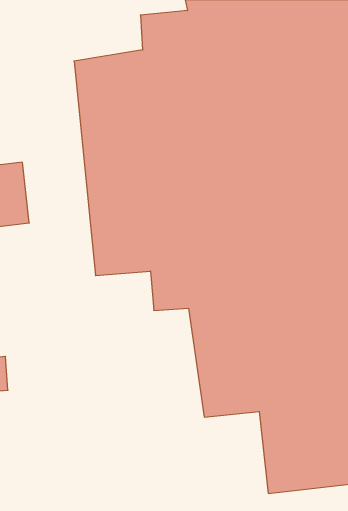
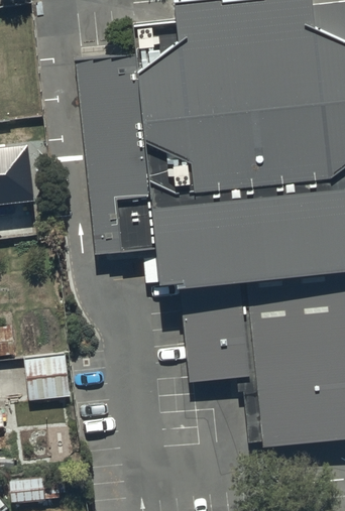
building: none -> [25,355,71,399]

